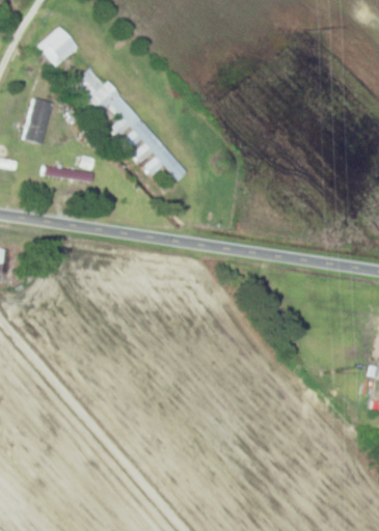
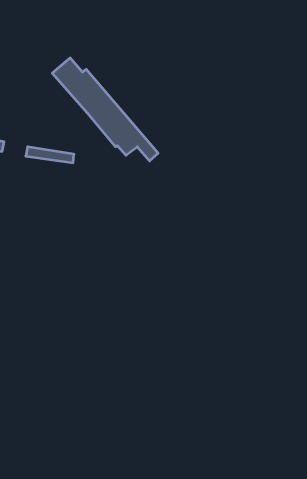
building: [36,25,79,67] -> none
building: [24,97,53,144] -> none

